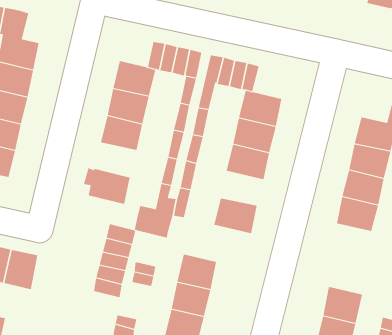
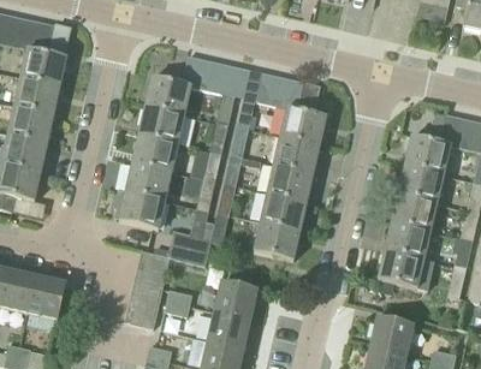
building: none -> [125,162,171,200]
building: none -> [260,192,307,230]
building: none -> [376,249,434,290]

